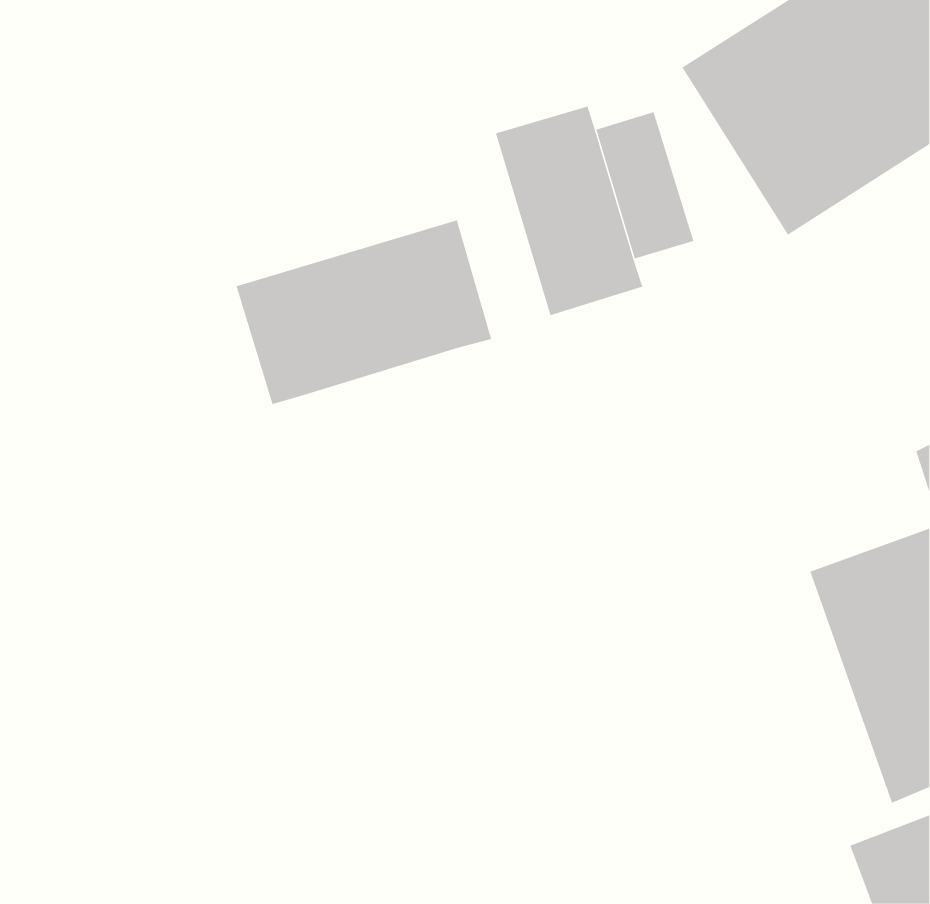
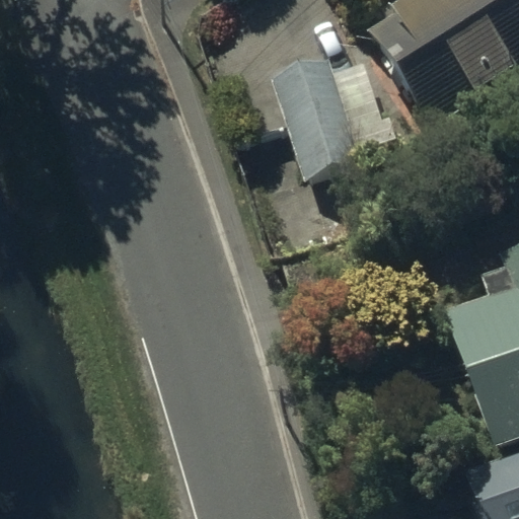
building: [236,220,492,405] -> none

